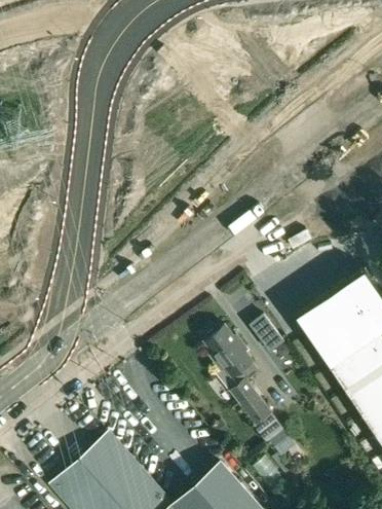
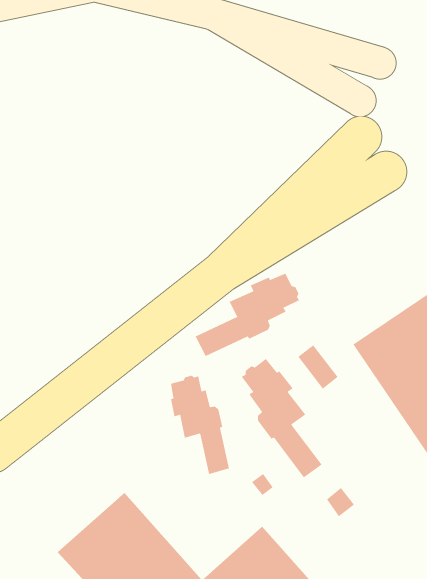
building: none -> [195,273,300,357]
building: none -> [170,375,230,475]

